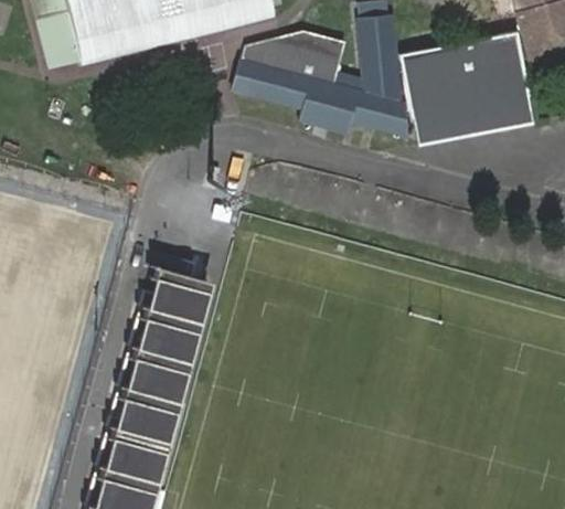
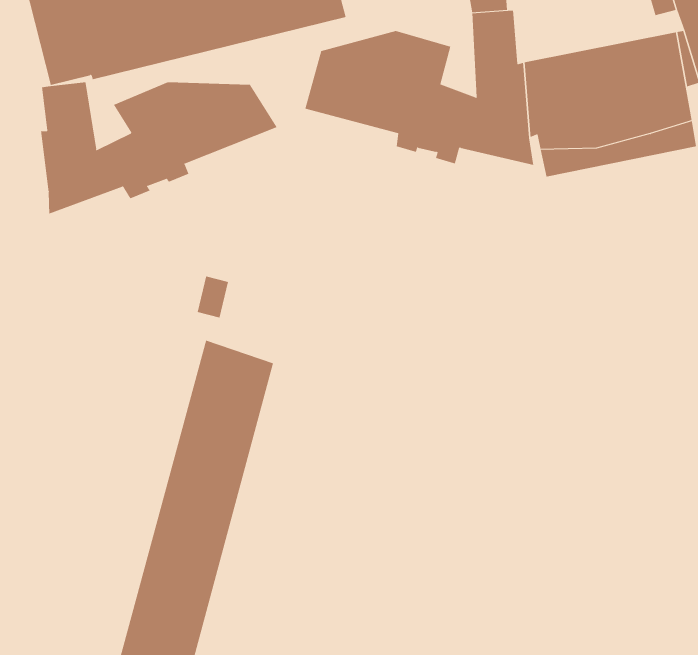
building: none -> [40,82,277,215]

